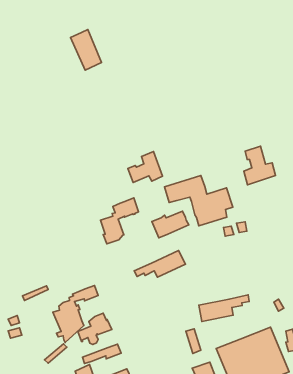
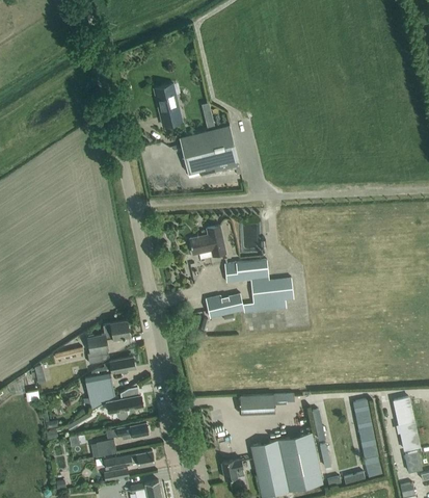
building: none -> [179,126,241,175]
building: [244,146,275,185] -> none
building: [101,198,138,244] -> [87,320,129,364]
building: [134,251,185,277] -> none

